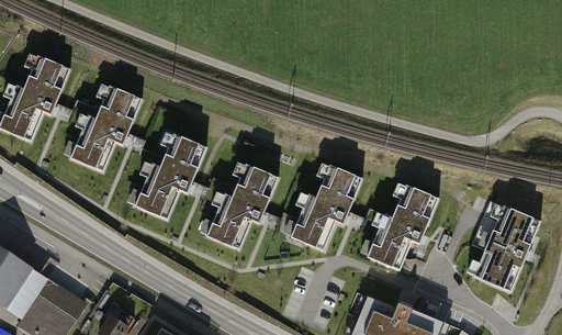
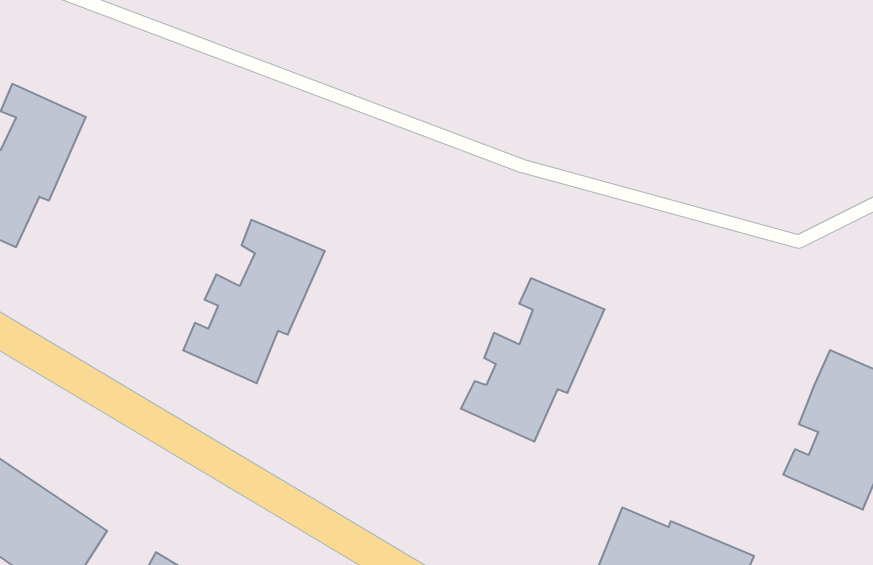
building: [61,82,142,175] -> none
building: [199,163,279,254] -> none
building: [359,181,439,272] -> none

